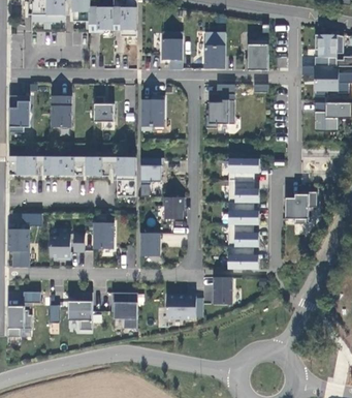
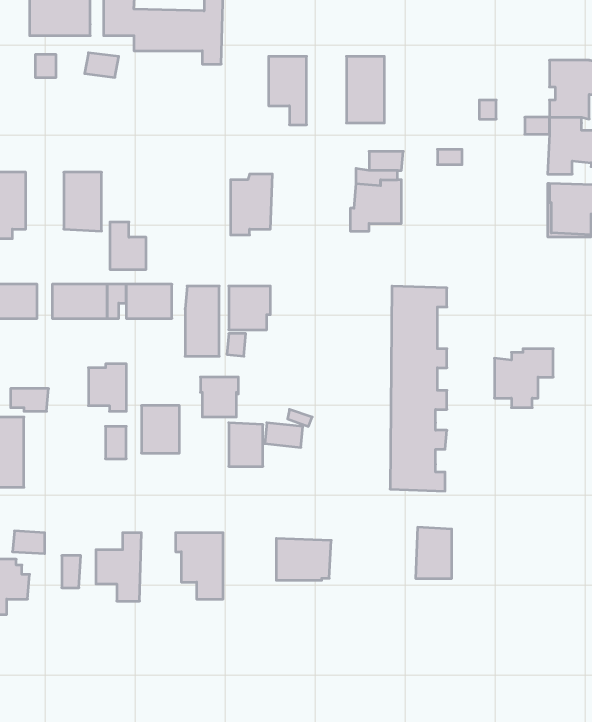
building: [248,38,268,69] -> none
building: [94,95,114,121] -> [110,222,146,269]
building: [163,196,184,218] -> [200,377,238,417]
building: [50,234,70,259] -> [88,364,126,411]
building: [213,276,232,304] -> [416,527,452,578]

